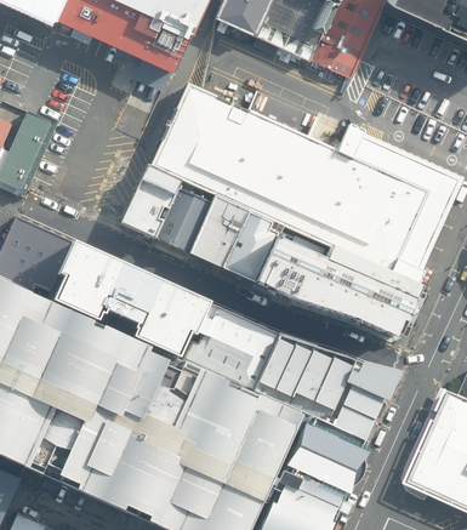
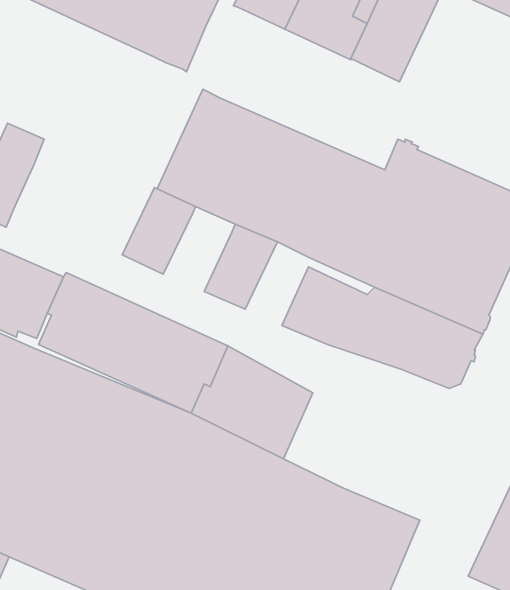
building: [154,188,211,252] -> none
building: [222,211,274,280] -> none
building: [254,336,398,441] -> none

